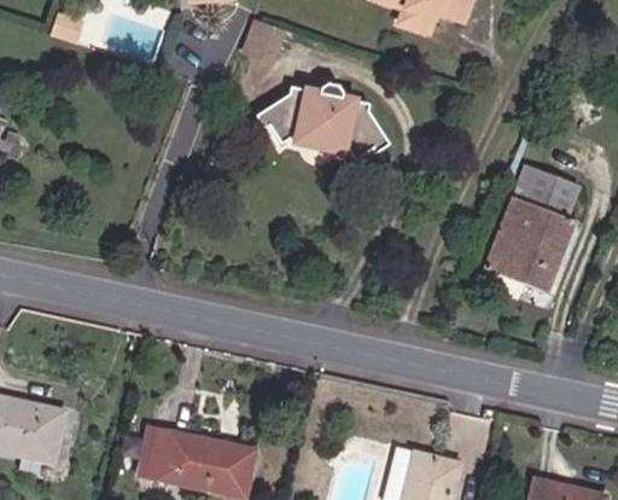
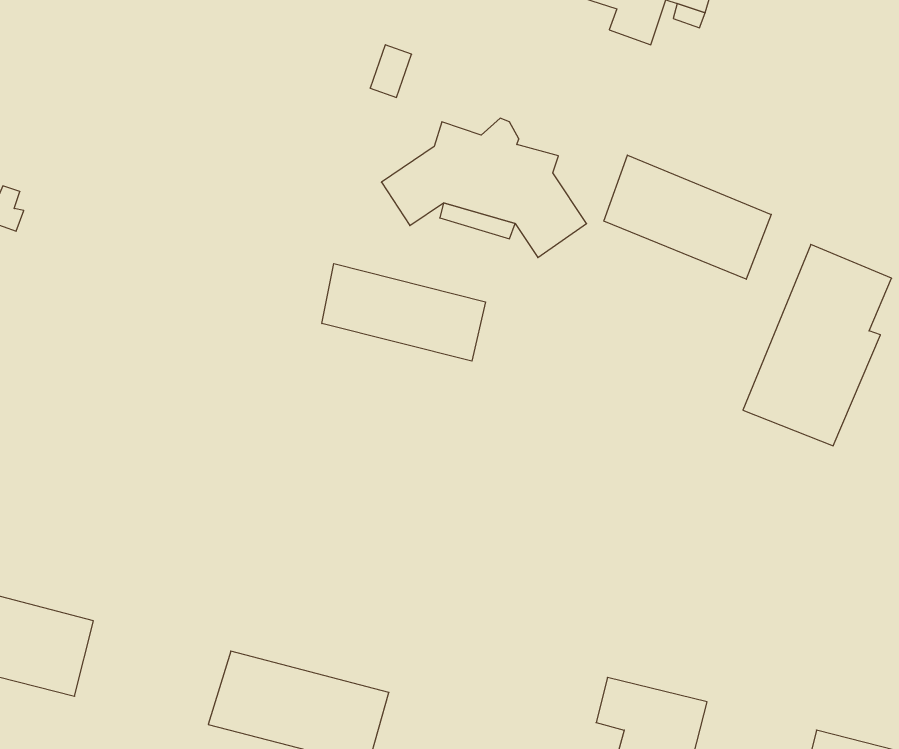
building: none -> [604,155,771,279]
building: none -> [322,264,485,361]

